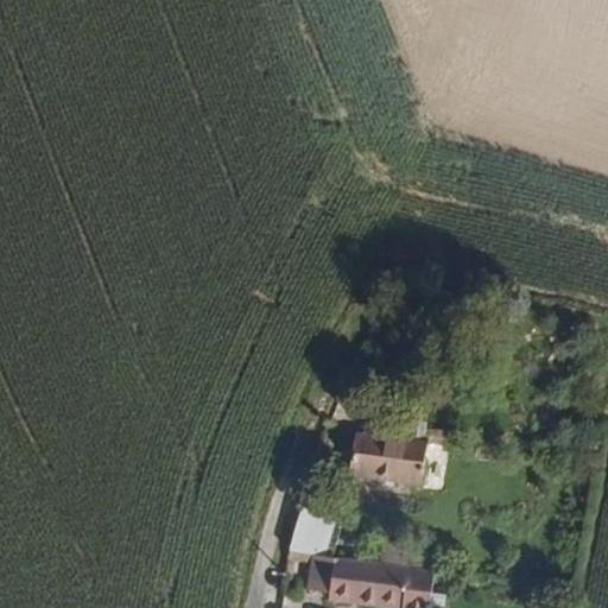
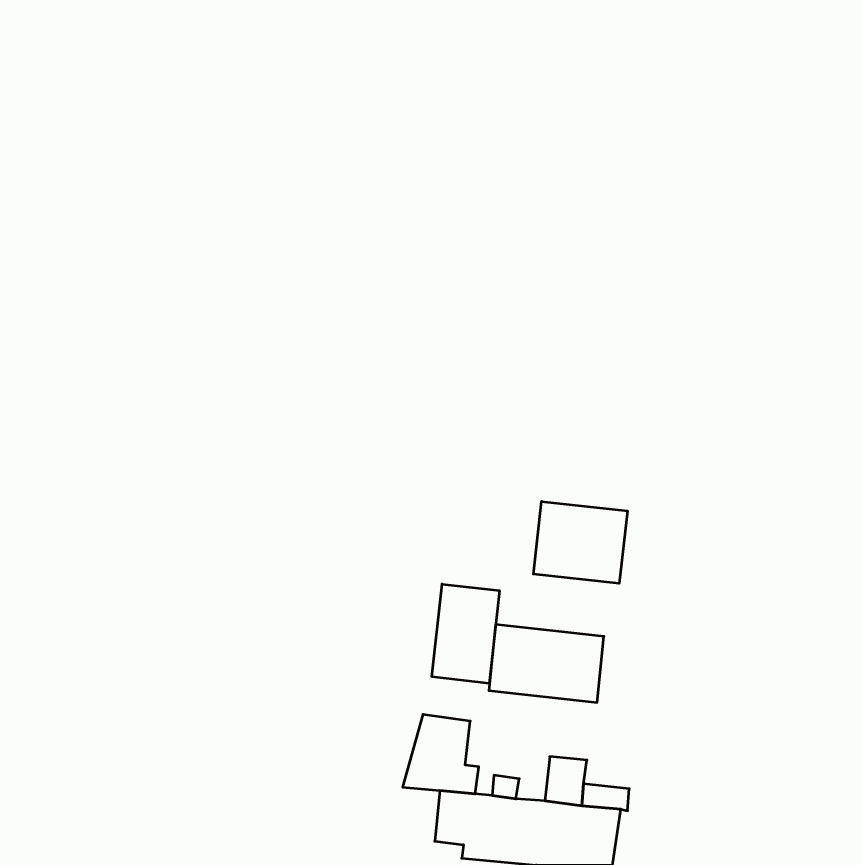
building: none -> [533,501,627,583]
building: none -> [432,584,499,683]

